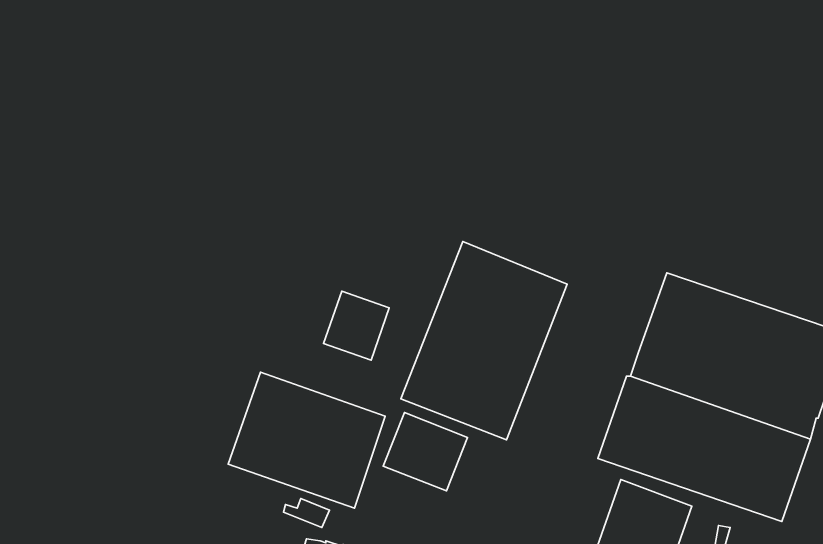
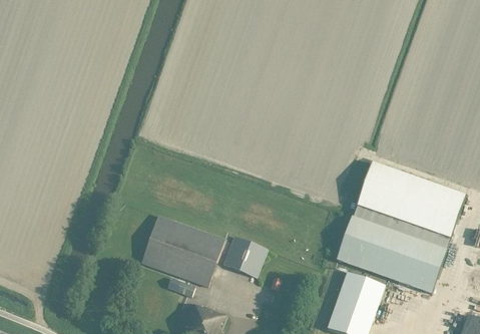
building: [401,241,567,440] -> none
building: [324,291,389,360] -> none

